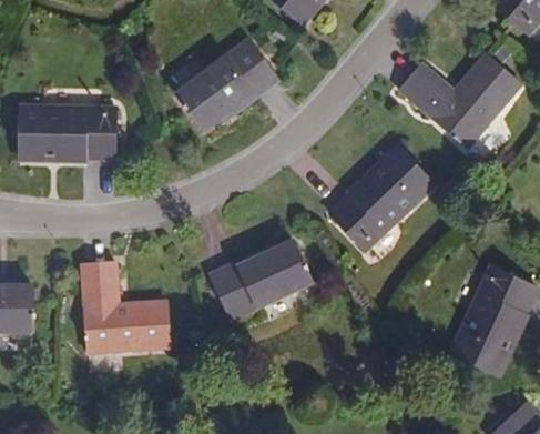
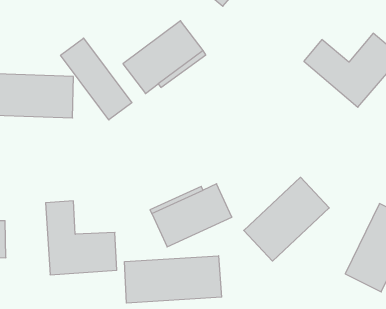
building: none -> [61,38,132,120]
building: [330,147,436,250] -> [244,177,329,261]
building: none -> [125,256,222,303]

